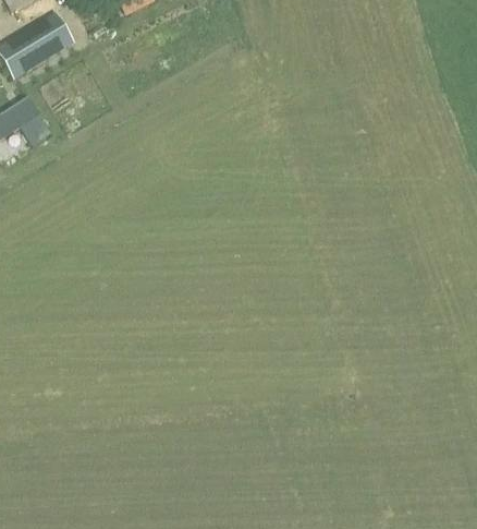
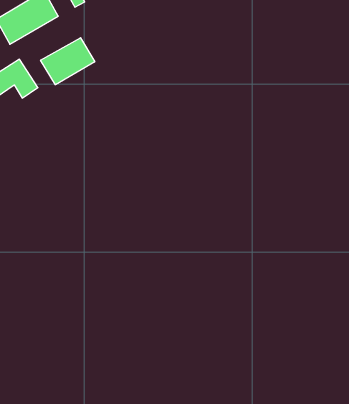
building: none -> [41,38,95,85]

